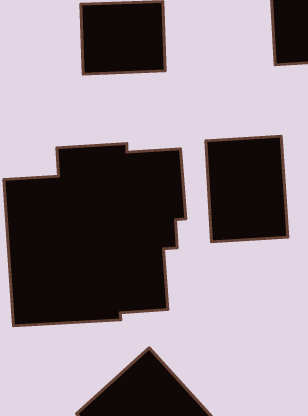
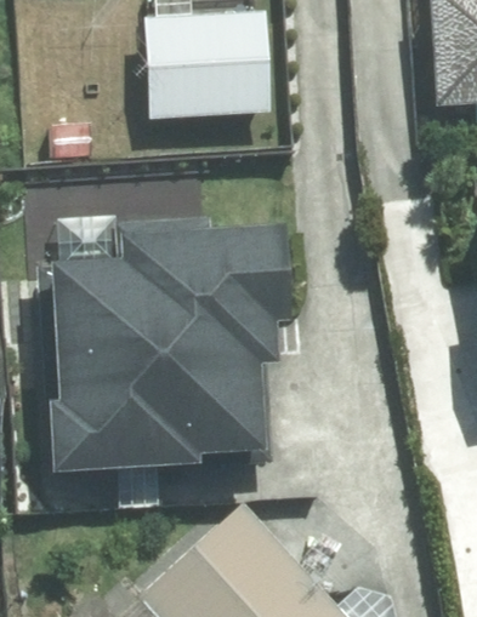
building: [206,136,288,242] -> none

